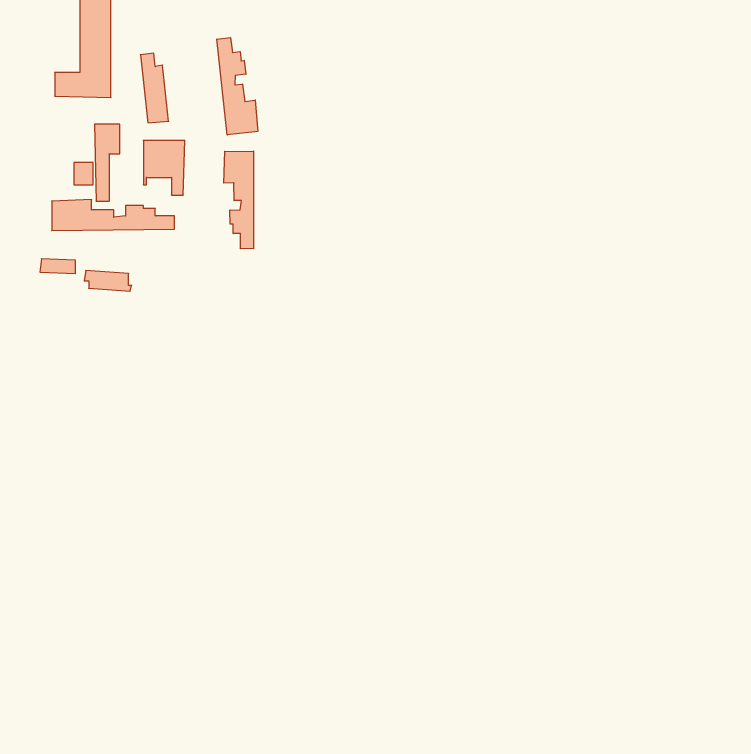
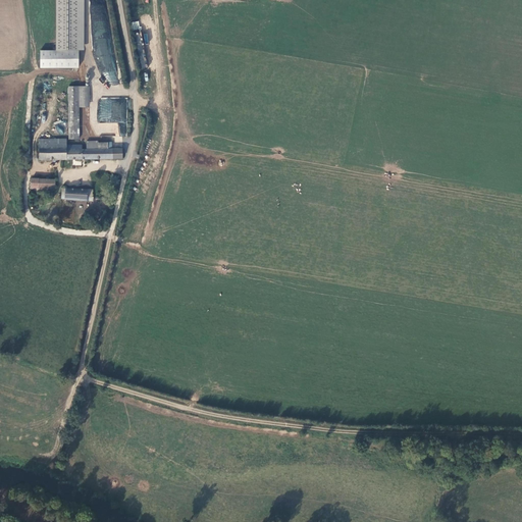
building: [217,38,258,135] -> none
building: [224,151,254,249] -> none

